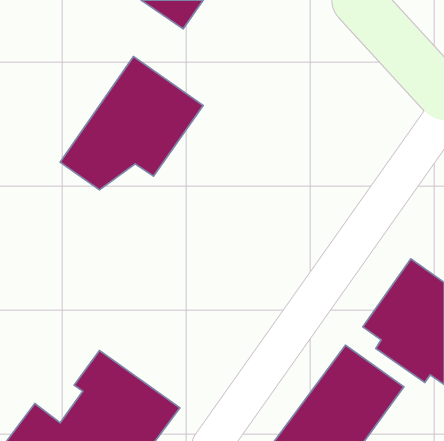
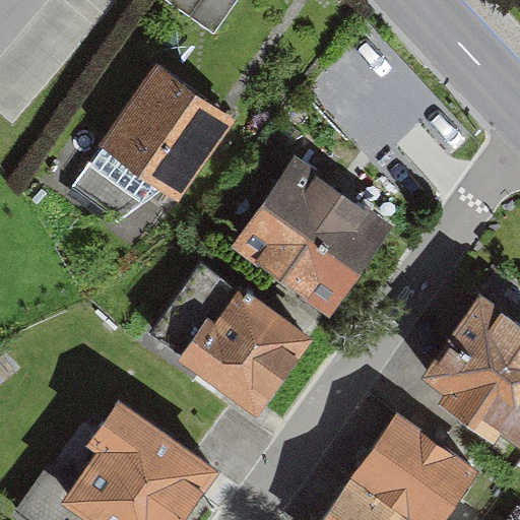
building: none -> [246,143,391,286]
building: none -> [180,268,305,393]

